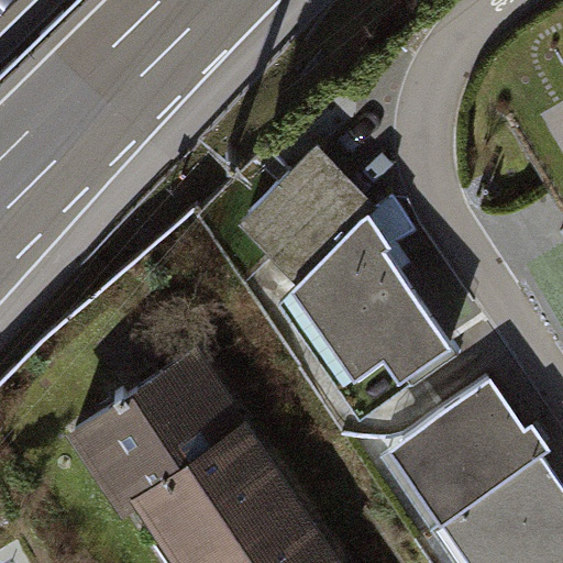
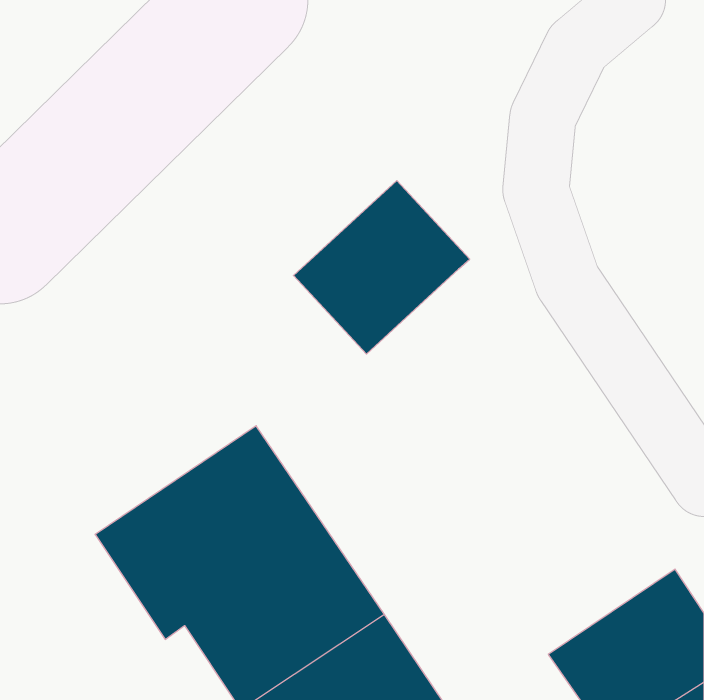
building: [278,218,448,421] -> none
building: [386,379,548,526] -> none

